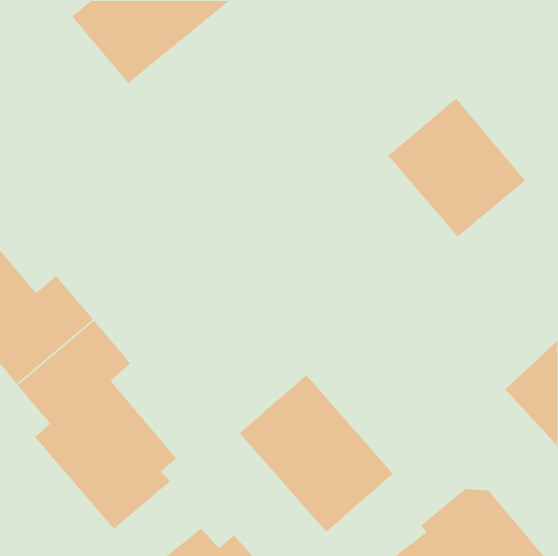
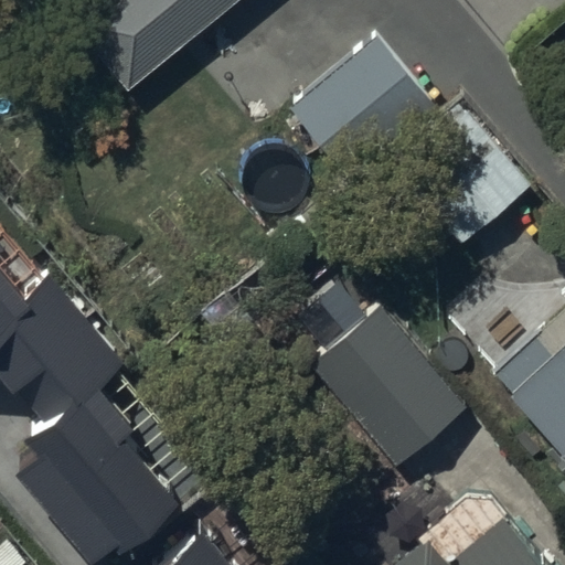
building: none -> [289,35,436,179]
building: [239,374,394,533] -> [309,306,466,466]

